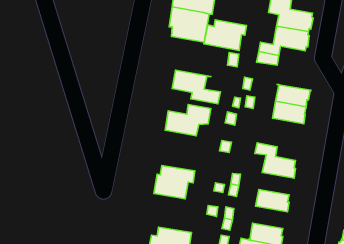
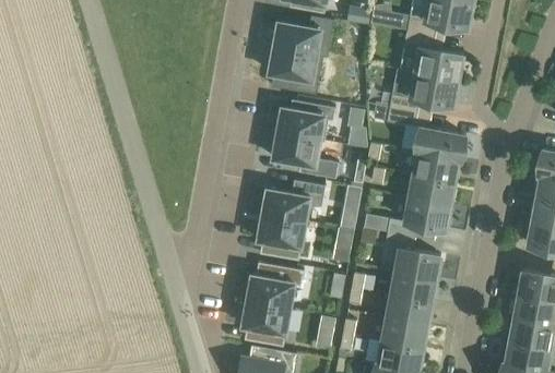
building: [204,20,246,50] -> [275,99,333,141]
building: none -> [414,127,465,159]
building: none -> [387,197,450,237]
building: none -> [257,214,304,260]
building: none -> [389,272,437,302]
building: none -> [241,300,288,346]
building: none -> [380,317,428,348]

